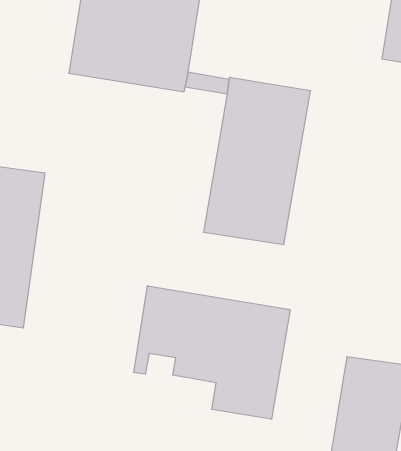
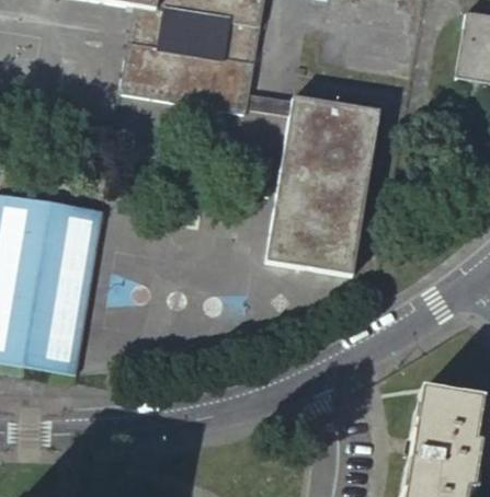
building: [134,286,290,419] -> none

